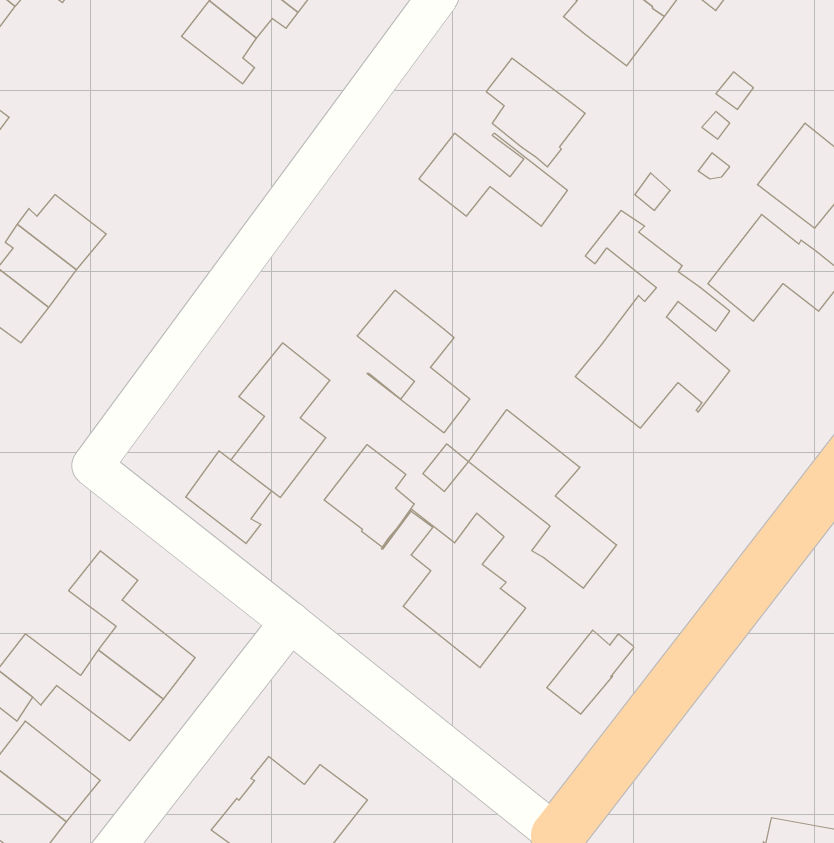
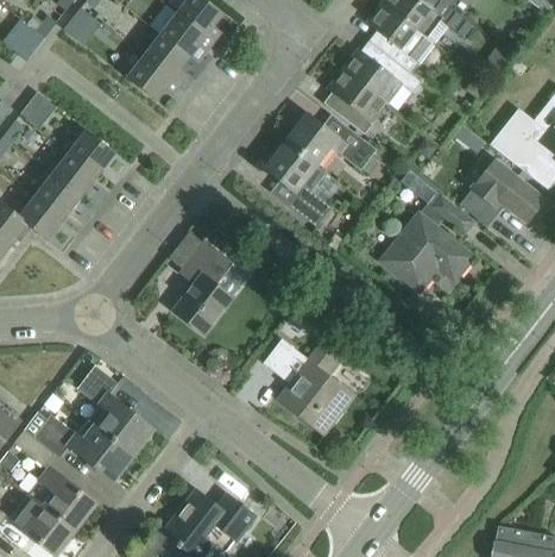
building: none -> [342,44,421,104]
building: none -> [126,56,181,100]
building: none -> [68,126,115,175]
building: [357,290,470,433] -> [264,142,332,227]
building: [468,410,617,588] -> none
building: [324,445,414,547] -> none
building: [186,451,271,544] -> none
building: [547,630,634,714] -> none

